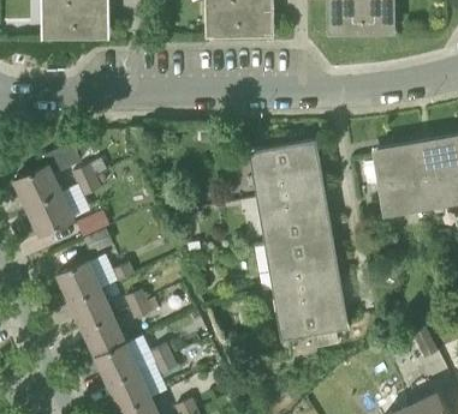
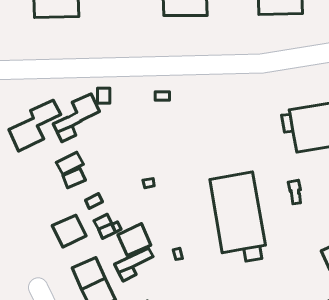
building: [254,140,325,245] -> none
building: [26,193,71,235] -> none
building: [56,262,100,304] -> none
building: [83,317,125,358] -> [118,224,151,256]

